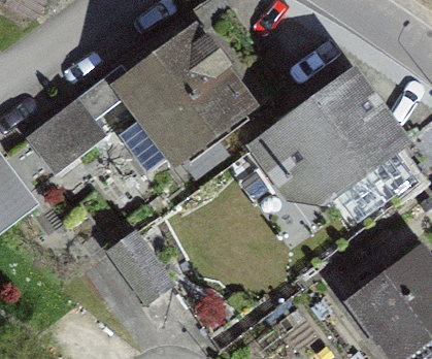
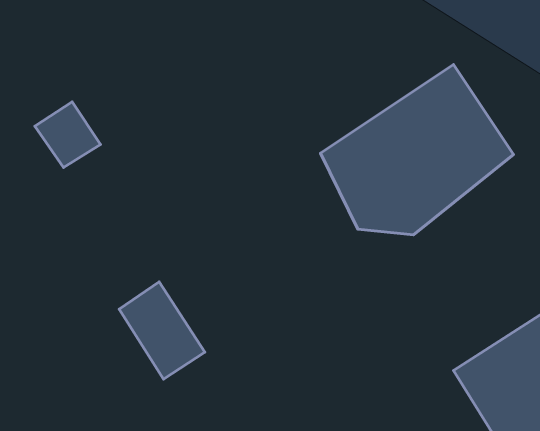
building: [129,40,239,152] -> none

